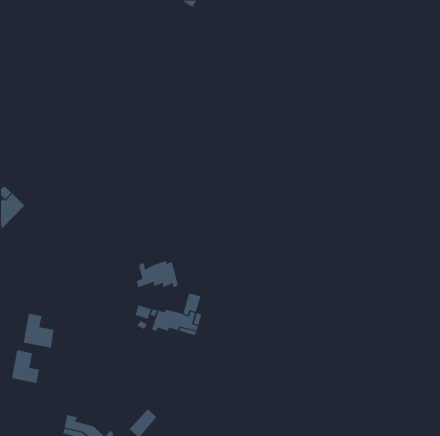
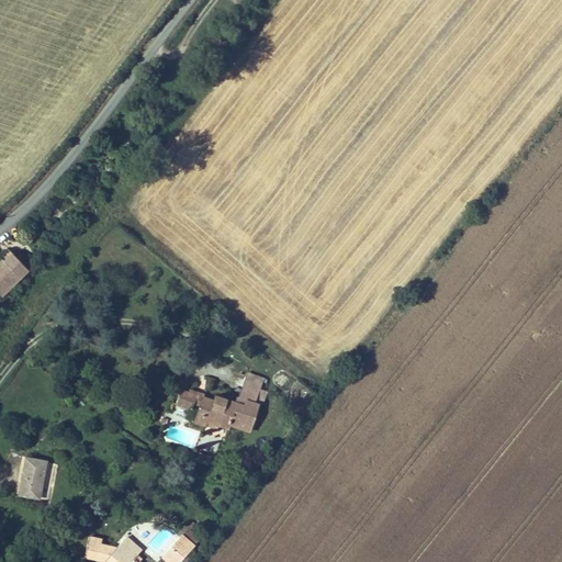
building: [136,260,178,288] -> none
building: [23,313,54,349] -> none

